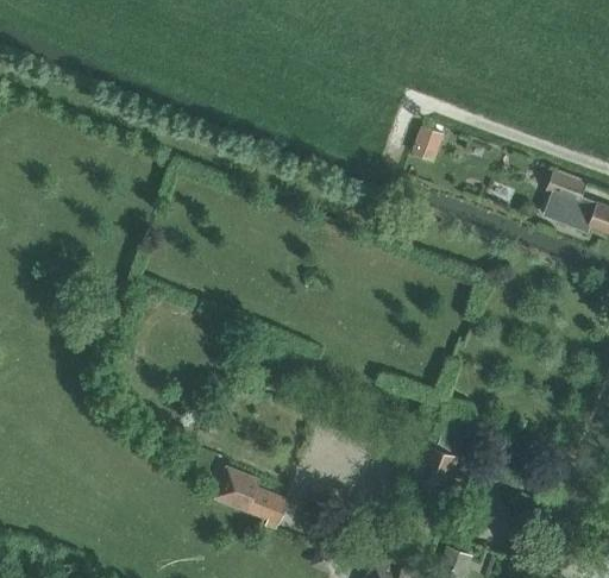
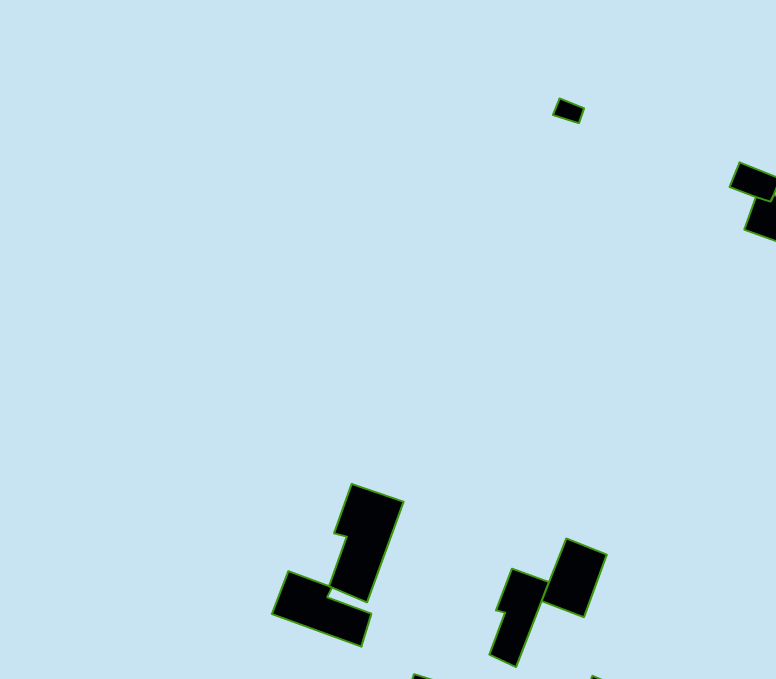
building: none -> [329,484,404,602]
building: none -> [489,569,549,667]

